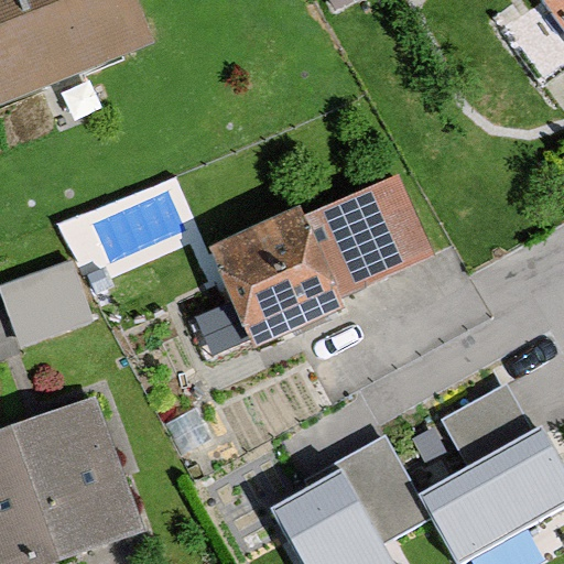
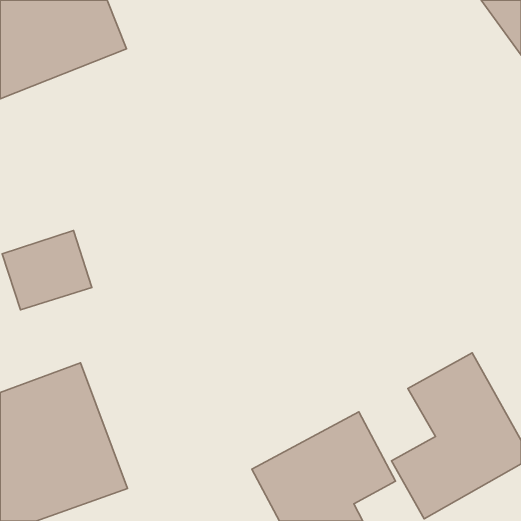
building: [206,173,433,352] -> none

